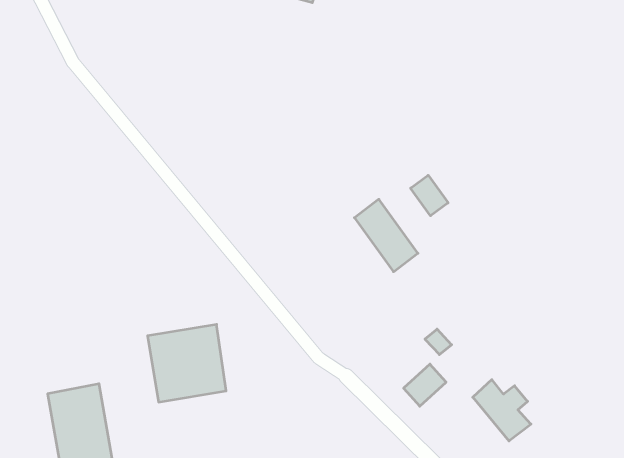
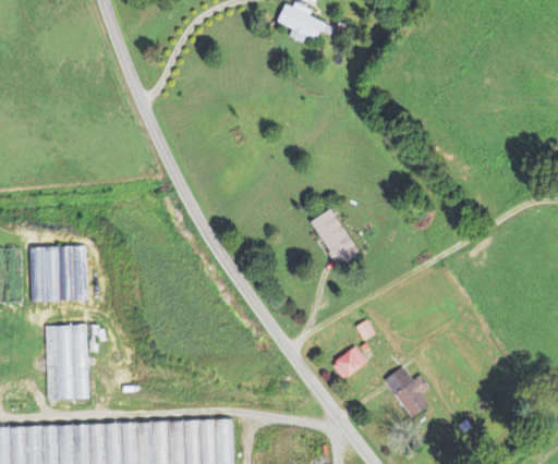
building: [411,175,448,216] -> none
building: [148,324,226,402] -> [31,245,87,301]

